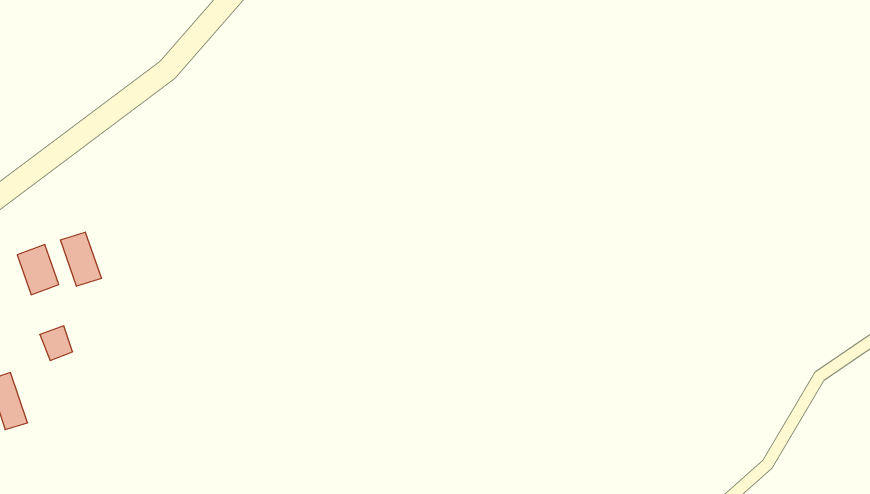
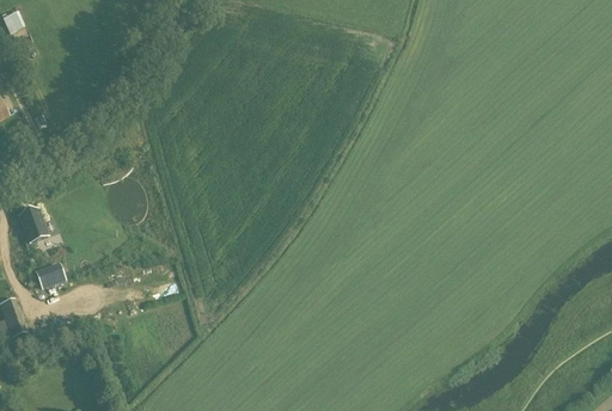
building: [60,232,101,286] -> none

